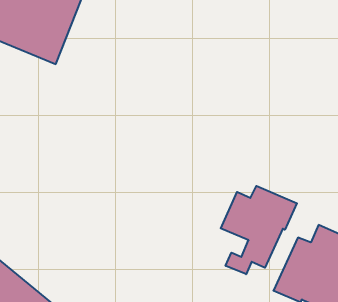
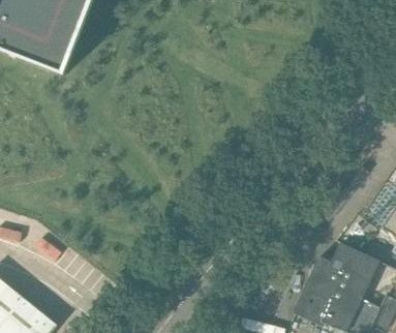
building: [221,186,297,274] -> none

